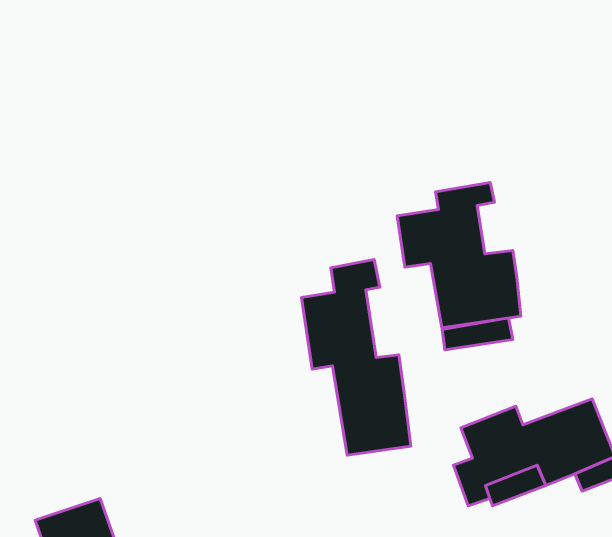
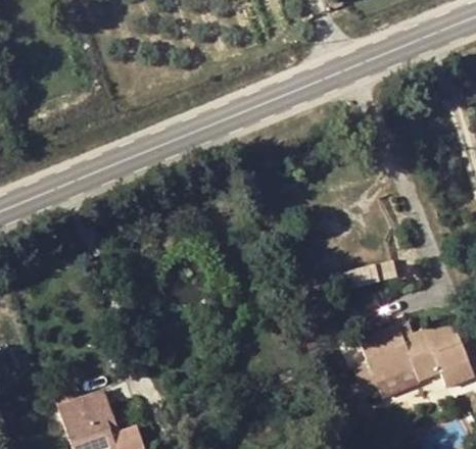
building: [397,182,521,328] -> none
building: [301,260,411,455] -> none

